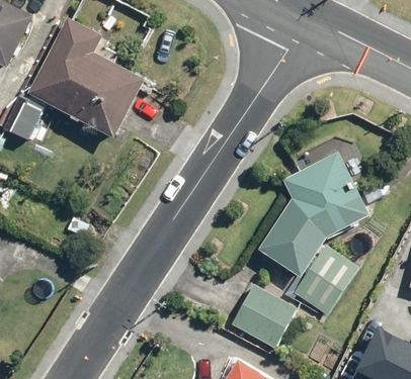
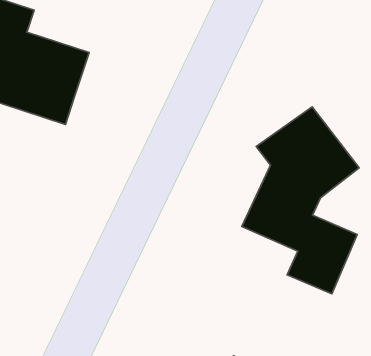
building: [229,285,294,349] -> none

